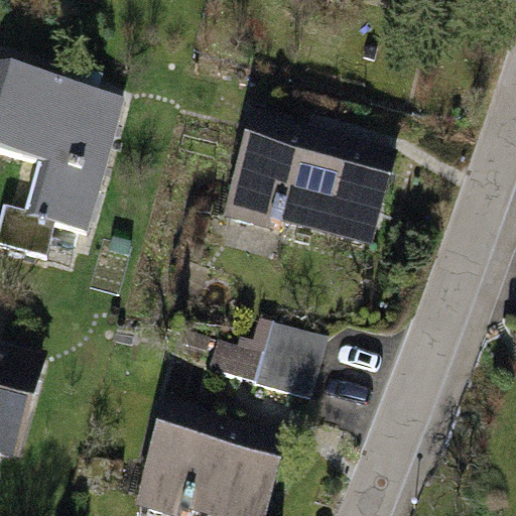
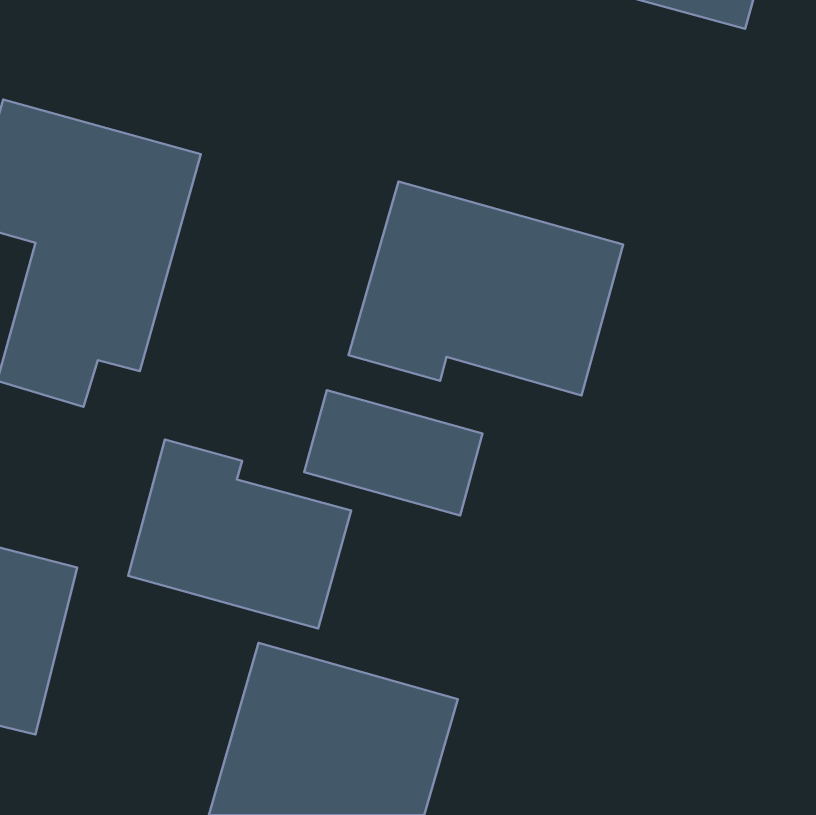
building: none -> [128,439,351,629]
building: [215,314,327,393] -> [304,390,483,516]

